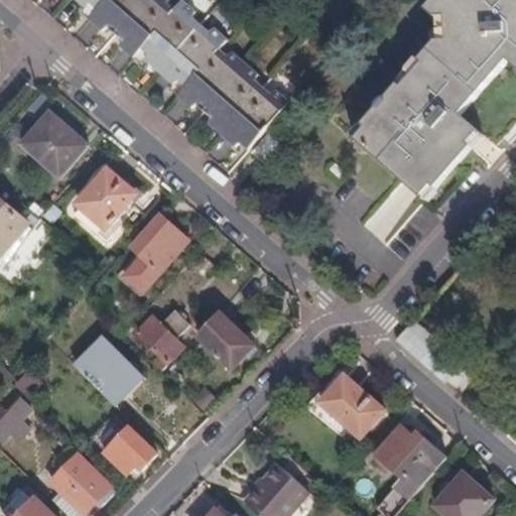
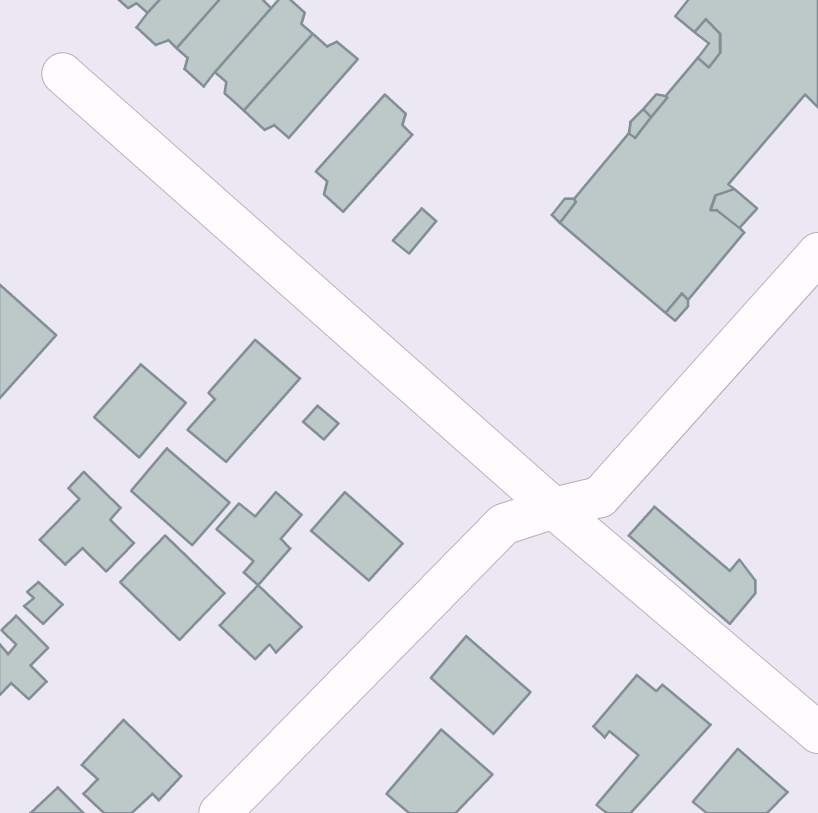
building: [173,46,242,108] -> none
building: [216,85,286,147] -> none
building: [22,108,89,173] -> none
building: [78,167,135,226] -> [94,364,186,457]
building: none -> [131,448,229,545]
building: none -> [40,472,134,571]
building: [321,373,384,434] -> [431,636,530,734]
building: [105,425,156,472] -> [220,585,302,659]

